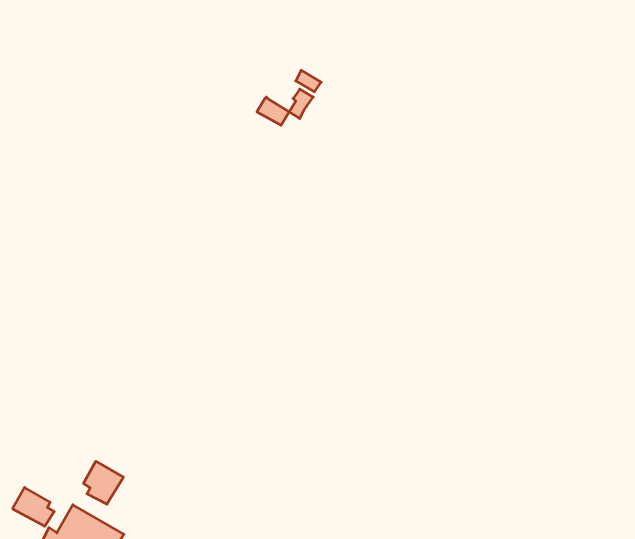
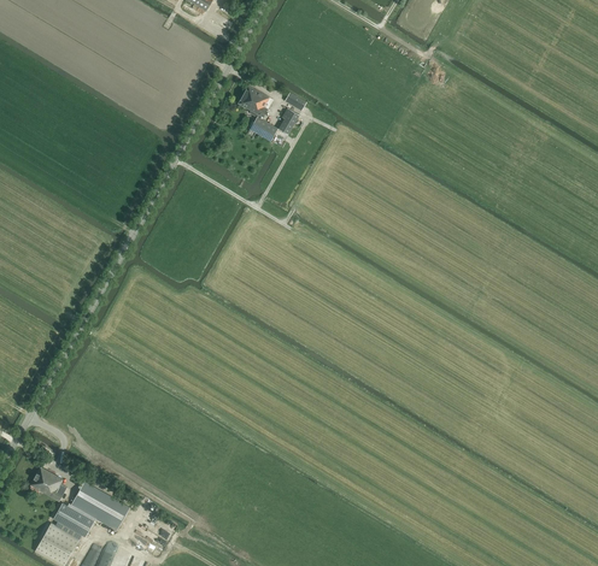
building: none -> [238,86,269,118]
building: [84,461,123,504] -> none

